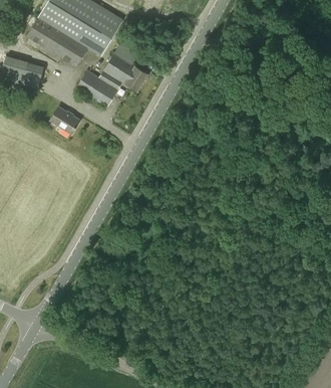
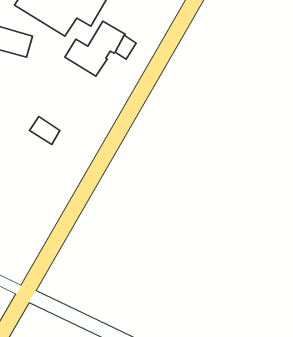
building: [50,106,80,134] -> [30,116,60,145]

